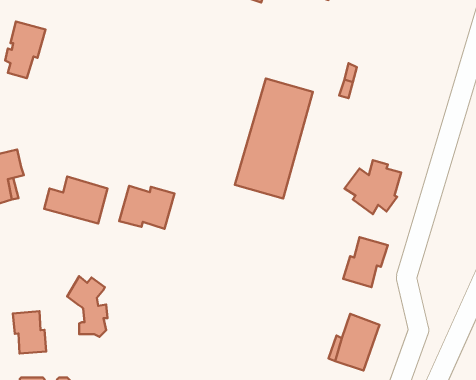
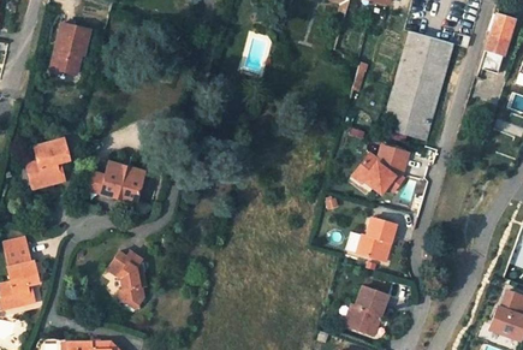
building: [235,78,313,198] -> [384,31,453,138]
building: [119,186,174,229] -> none
building: [13,311,46,353] -> none

